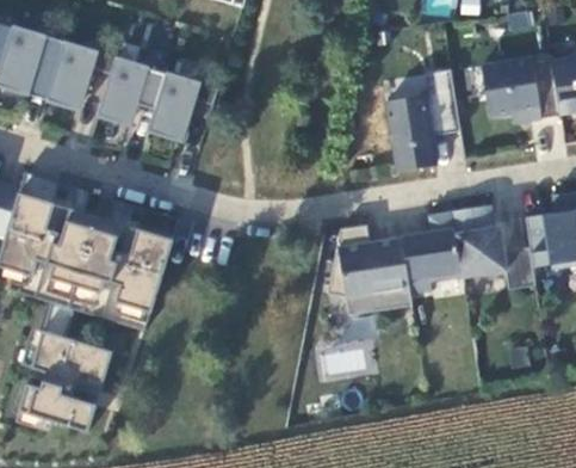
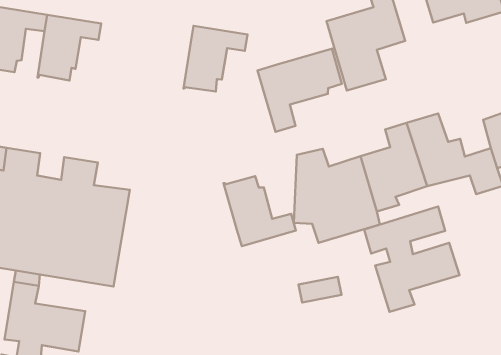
building: [149,73,218,140] -> [184,26,247,91]
building: none -> [257,48,342,132]
building: none -> [224,176,296,246]
building: none -> [364,207,459,312]

